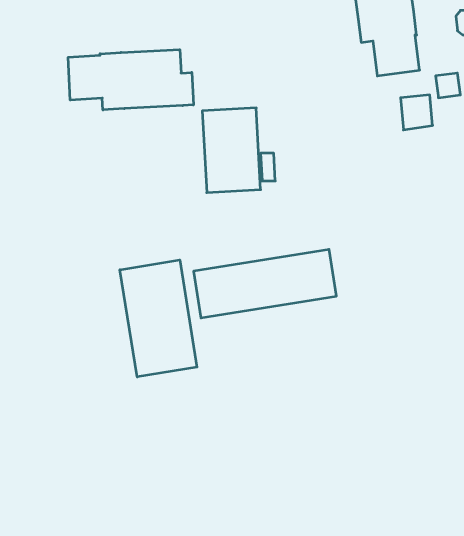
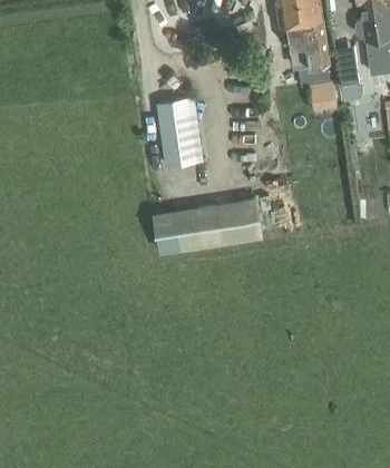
building: [68,50,193,110] -> none
building: [120,260,197,377] -> none

